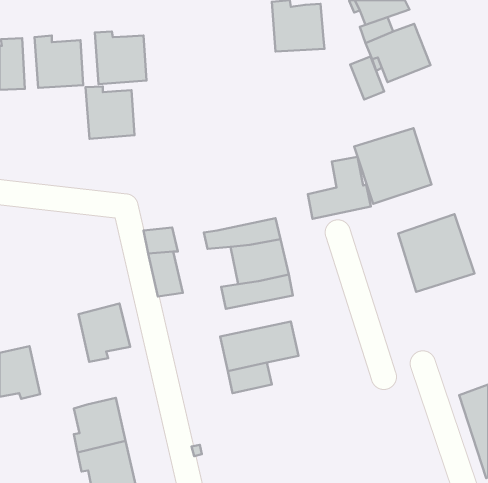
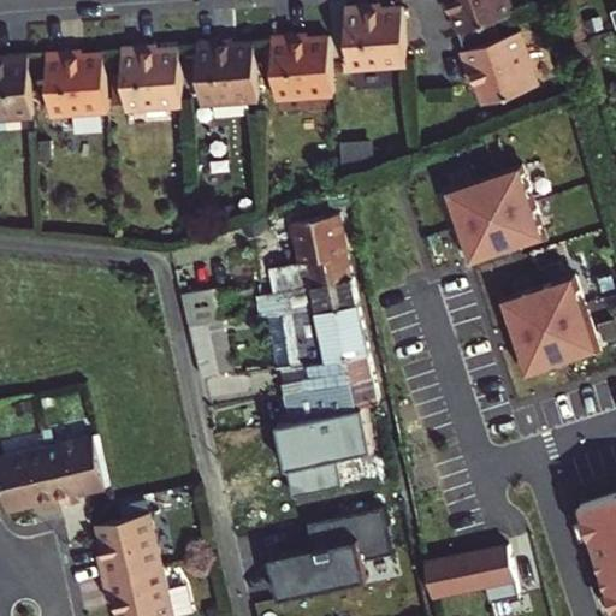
building: none -> [271,36,331,102]
building: [350,57,384,100] -> none
building: [86,86,134,139] -> [195,41,256,107]
building: [308,157,371,219] -> [267,219,346,297]
building: none -> [284,379,374,421]
building: [78,304,130,362] -> [37,430,102,503]
building: none -> [267,508,392,602]
building: none -> [424,539,519,597]

